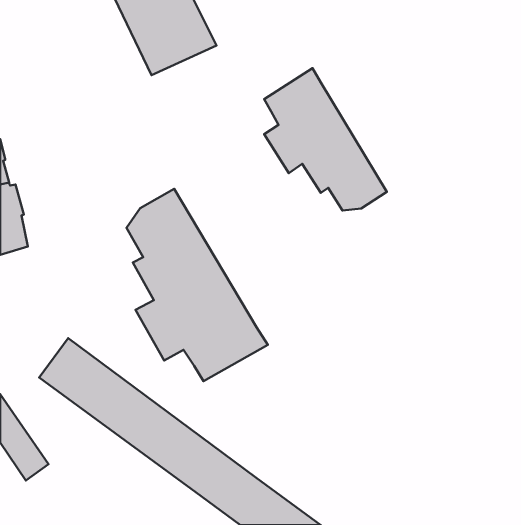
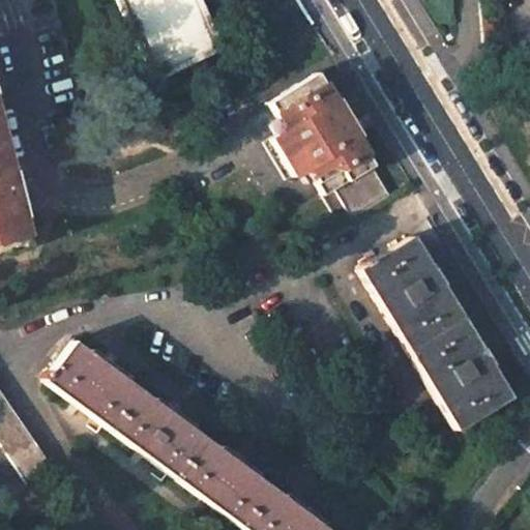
building: [126,189,268,381] -> none
building: none -> [360,235,512,428]

